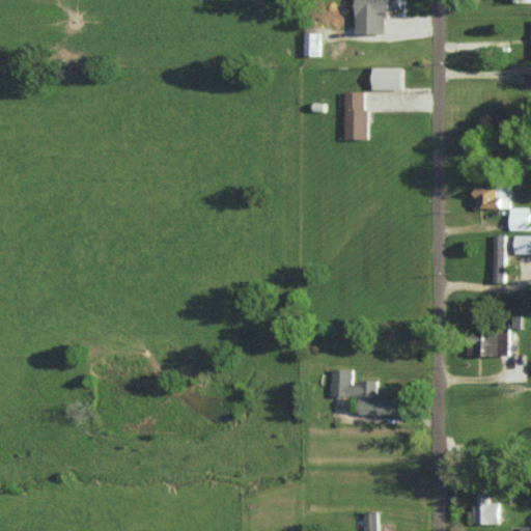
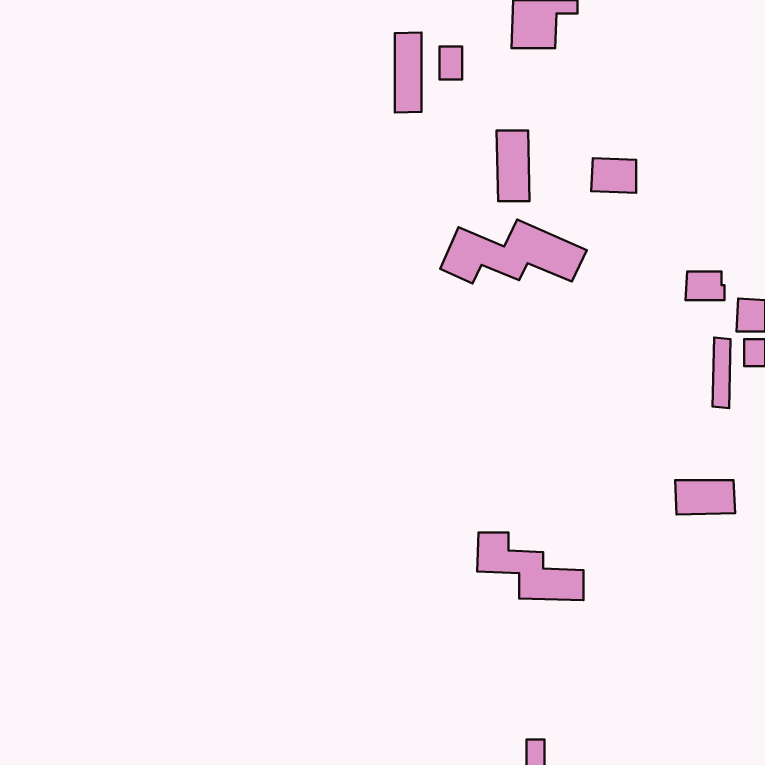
building: none -> [395,32,422,113]
building: [370,66,401,90] -> [591,158,636,193]
building: none -> [440,220,587,284]
building: [473,494,499,524] -> none

